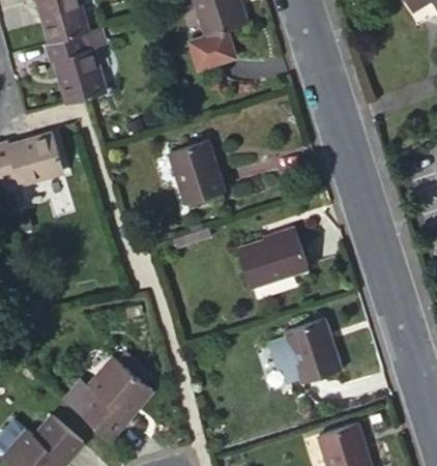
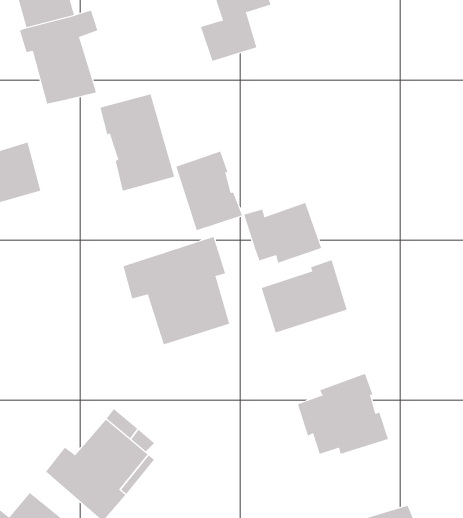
building: none -> [100,94,175,192]
building: none -> [244,202,322,264]
building: none -> [123,236,230,345]

